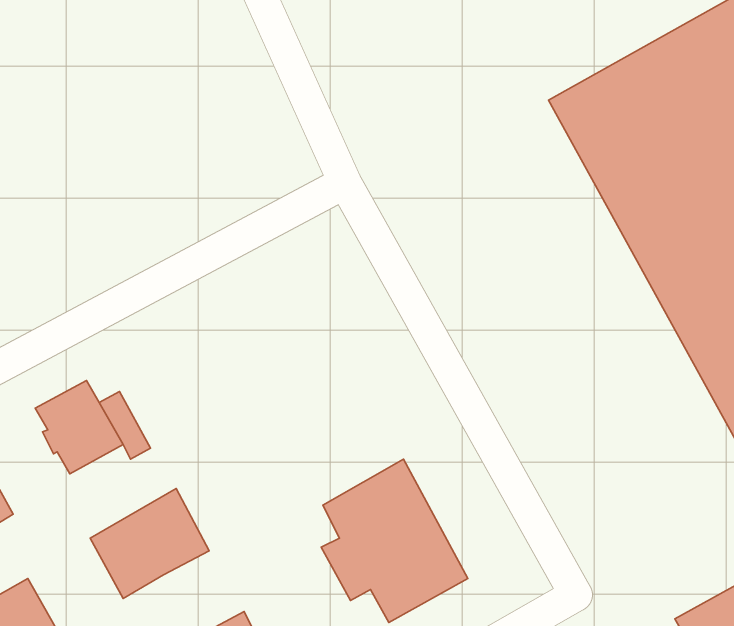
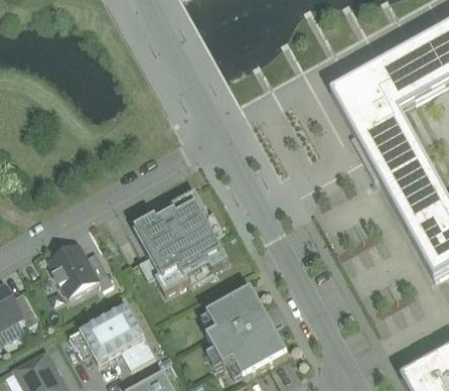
building: none -> [133,187,227,292]
building: none -> [119,337,154,368]

